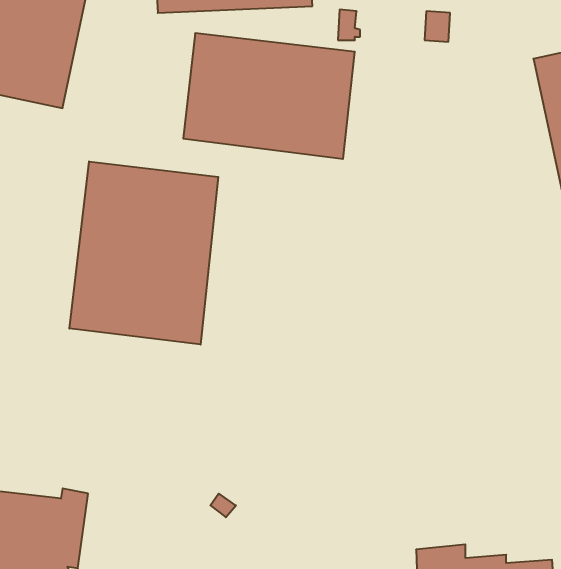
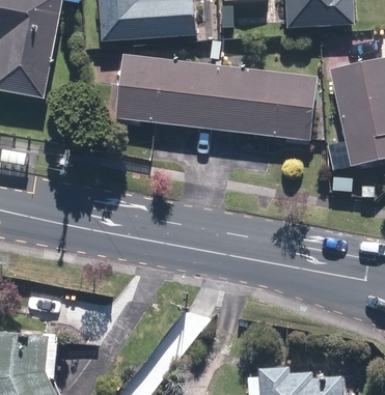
building: none -> [214,64,317,140]
building: [69,161,218,345] -> none

